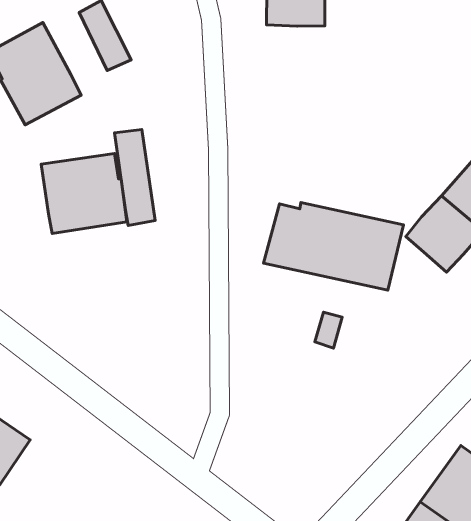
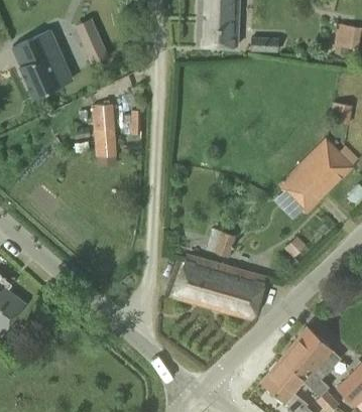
building: [41,153,127,233] -> none
building: [264,203,403,290] -> [172,258,266,319]

